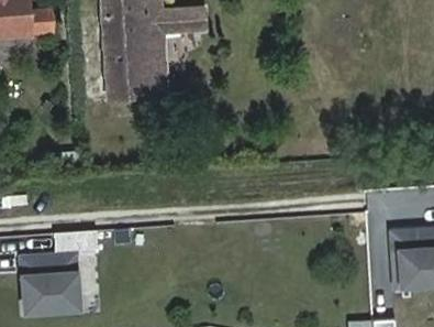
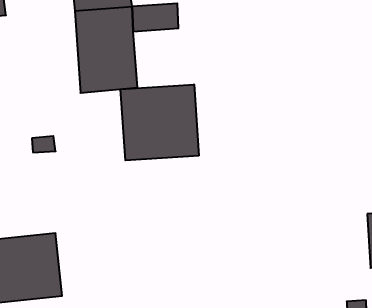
building: none -> [121,84,199,160]

